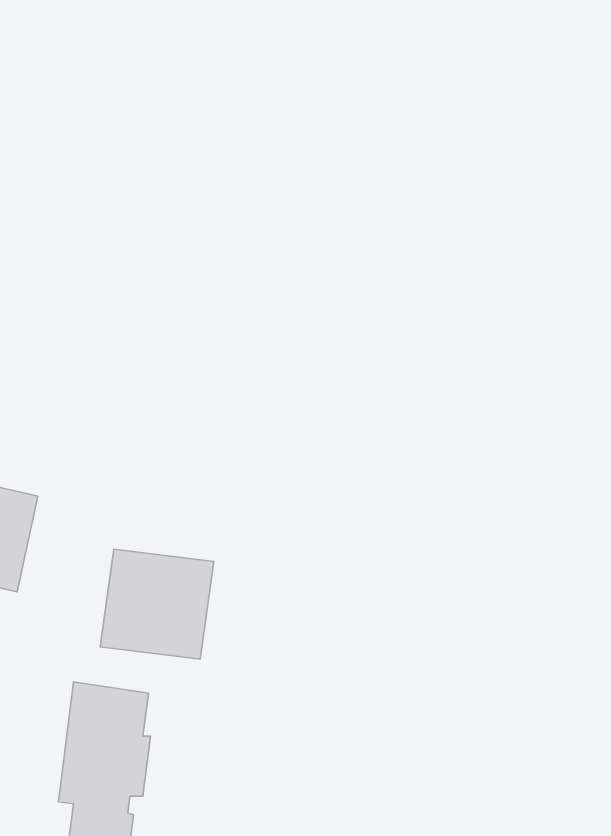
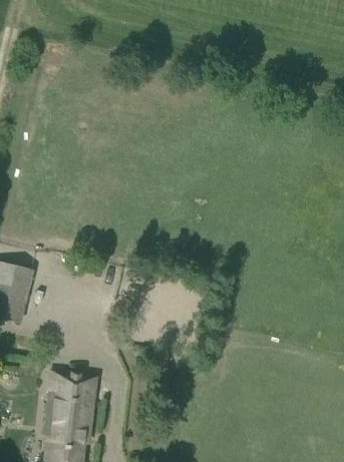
building: [100,549,214,659] -> none

